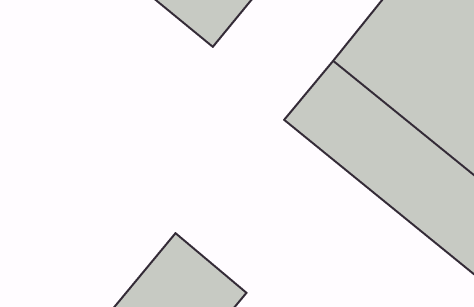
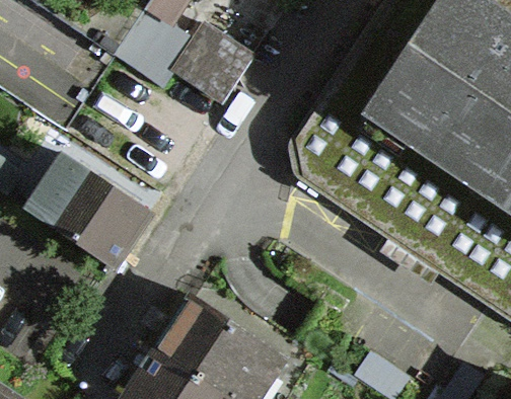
building: none -> [23,148,157,273]

